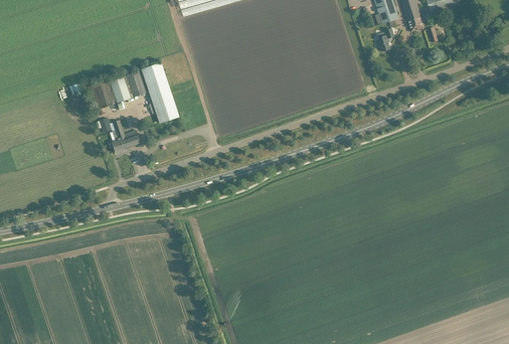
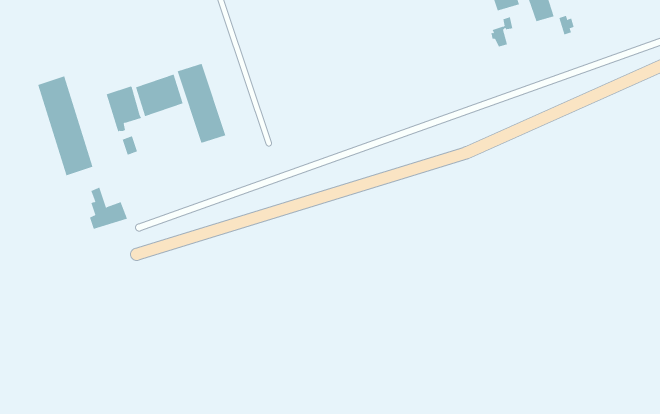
building: none -> [38,75,93,176]
building: [112,119,141,151] -> [89,187,128,230]

